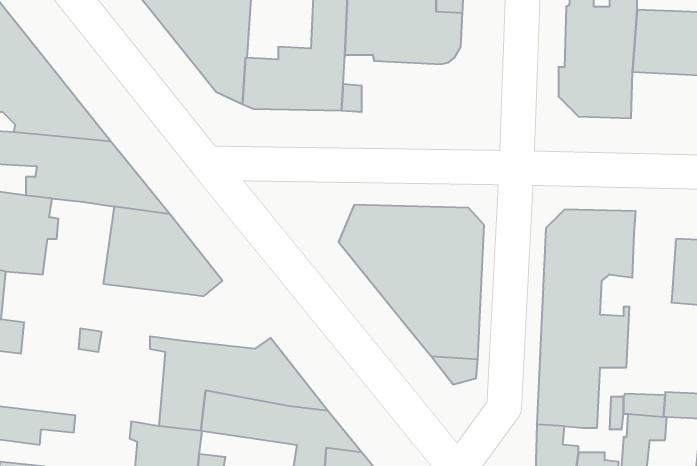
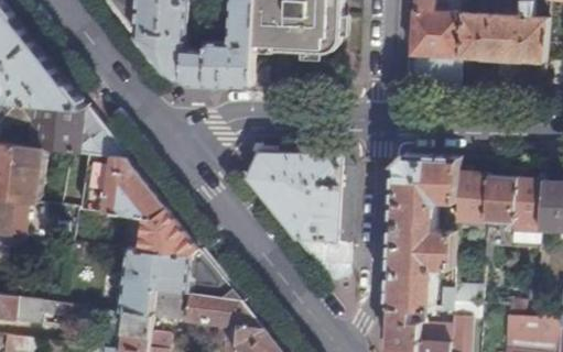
building: none -> [456,172,489,222]
building: none -> [140,206,201,254]

